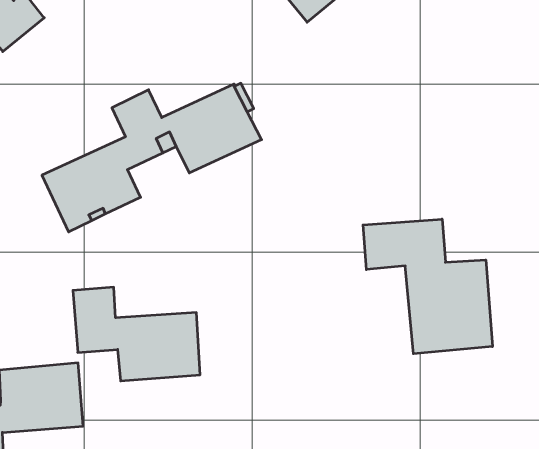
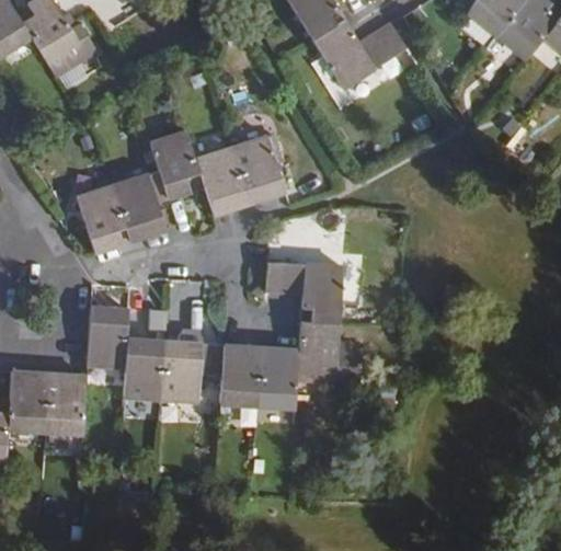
building: none -> [219,262,362,407]
building: [363,219,492,354] -> none

